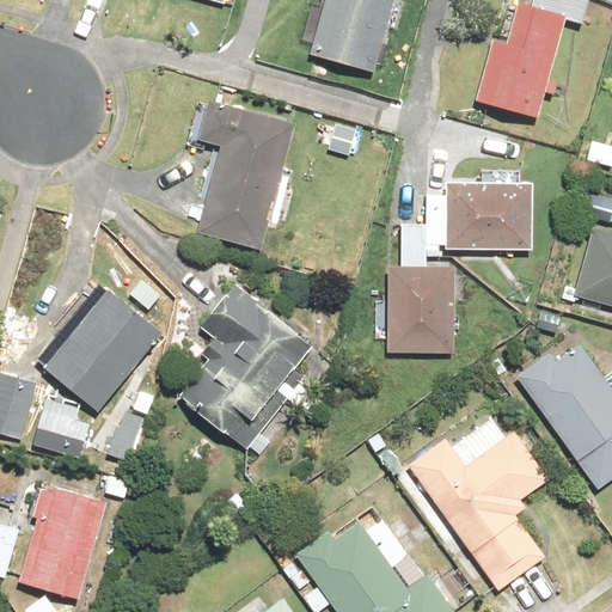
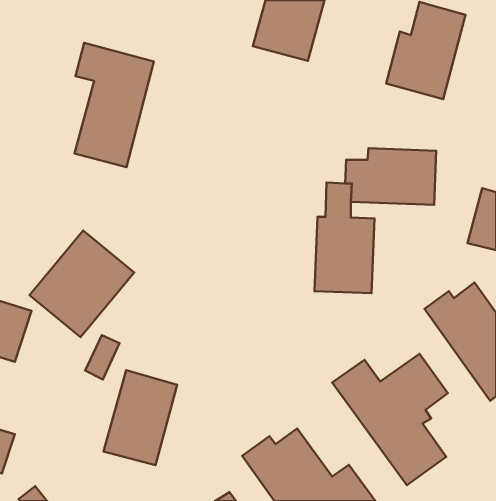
building: [196,98,293,250] -> [74,43,154,167]
building: [184,280,313,449] -> none
building: [31,398,90,459] -> none
building: [18,484,108,600] -> [104,370,177,465]

